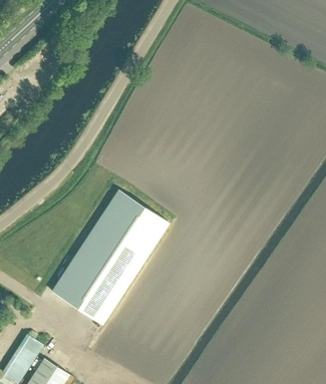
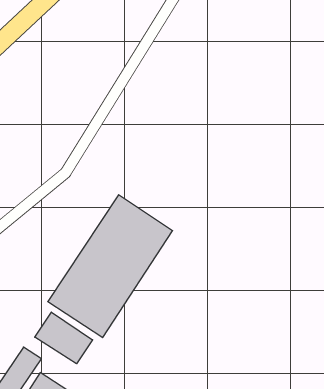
building: none -> [35,312,93,364]

